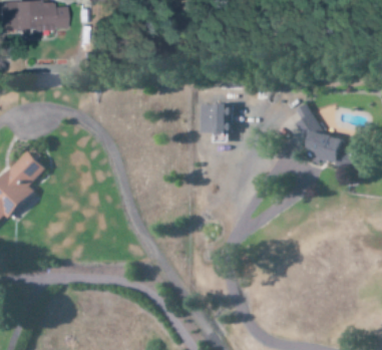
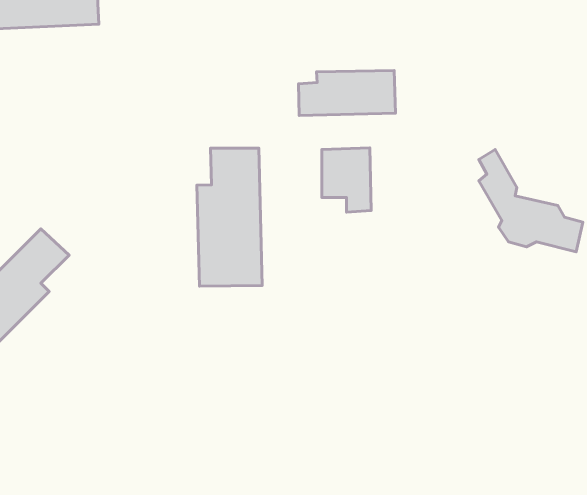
building: none -> [299,71,396,116]
building: none -> [197,148,262,286]

